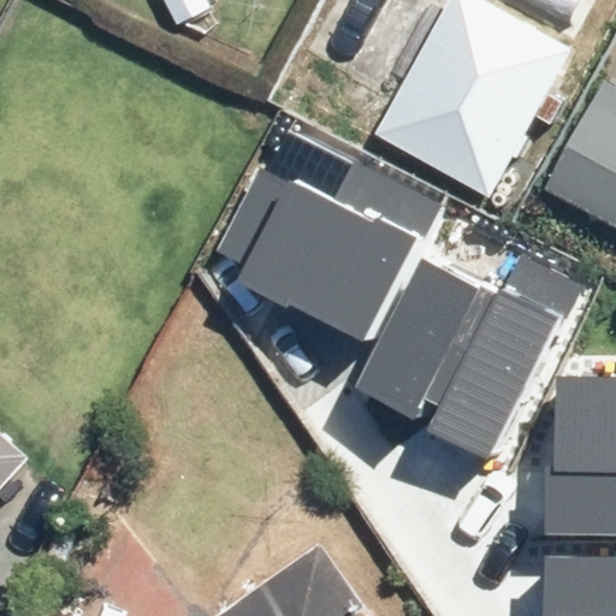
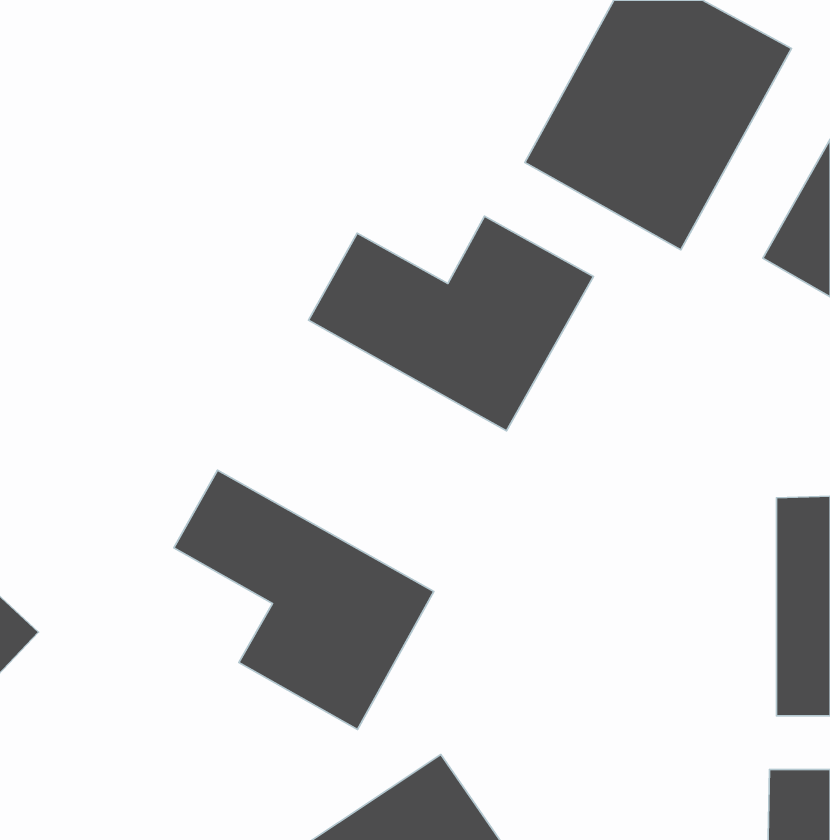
building: [362,261,564,449] -> none
building: none -> [174,470,434,730]

